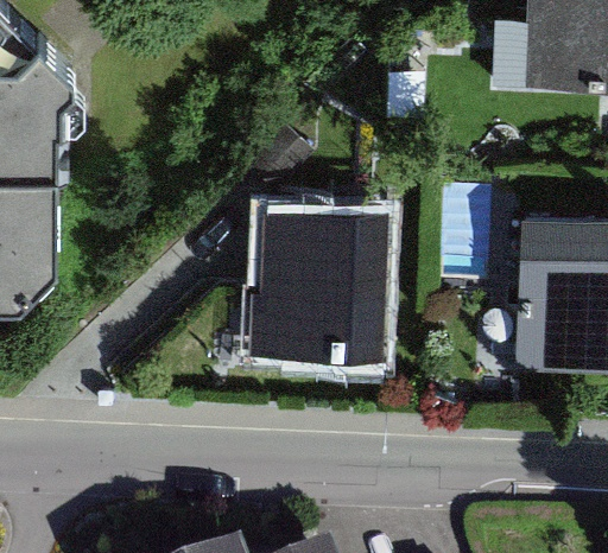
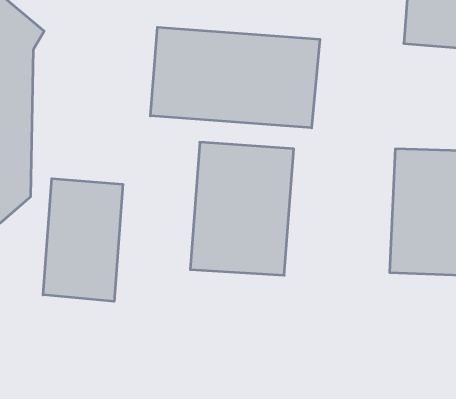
building: none -> [150,27,320,128]
building: none -> [43,179,123,301]

